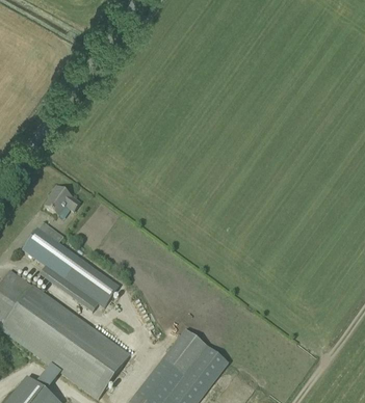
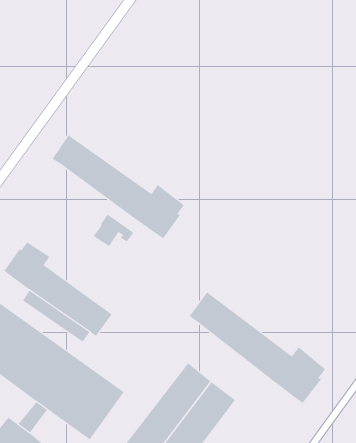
building: none -> [52,135,184,239]
building: [44,185,80,214] -> [93,214,134,247]
building: none -> [189,292,326,404]

